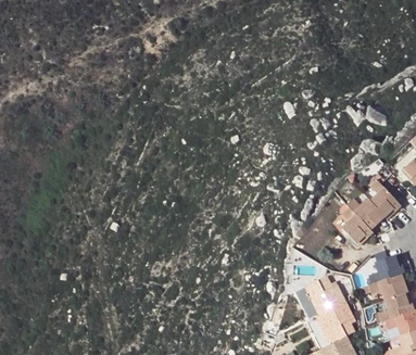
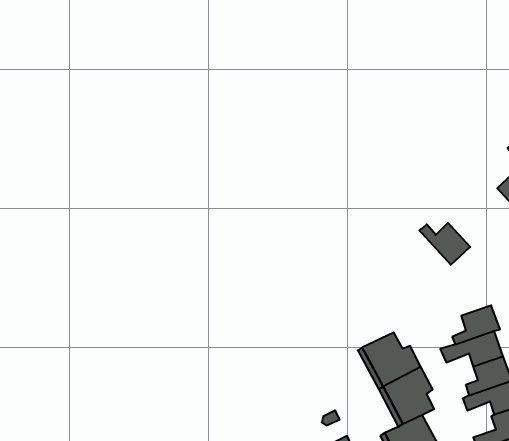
building: [368,174,398,216] -> none
building: [341,204,370,242] -> none

